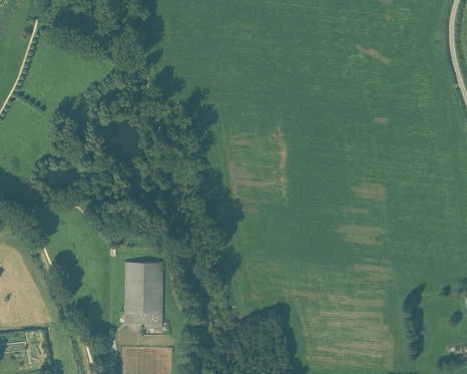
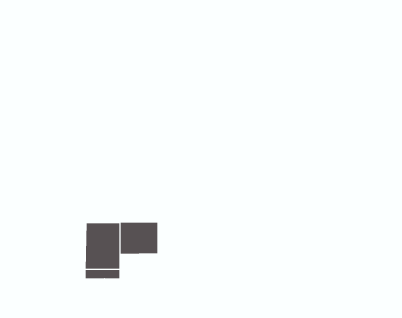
building: none -> [120,222,158,255]

